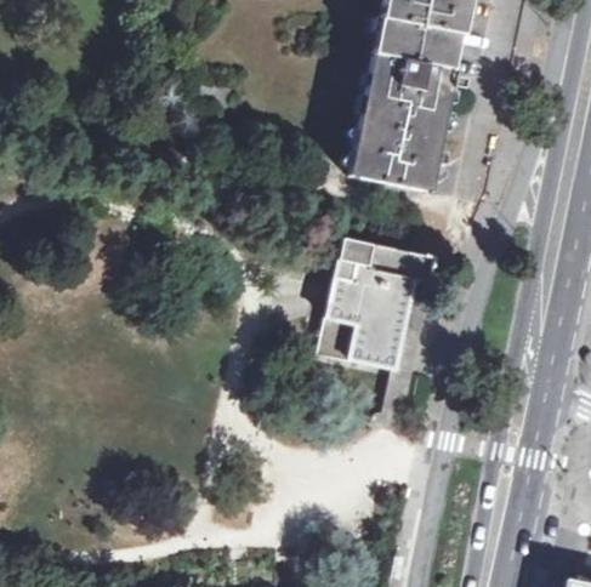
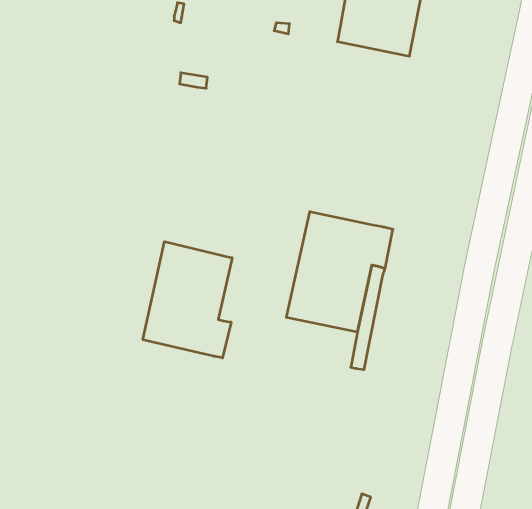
building: [348,51,453,189] -> none
building: none -> [143,242,232,358]

